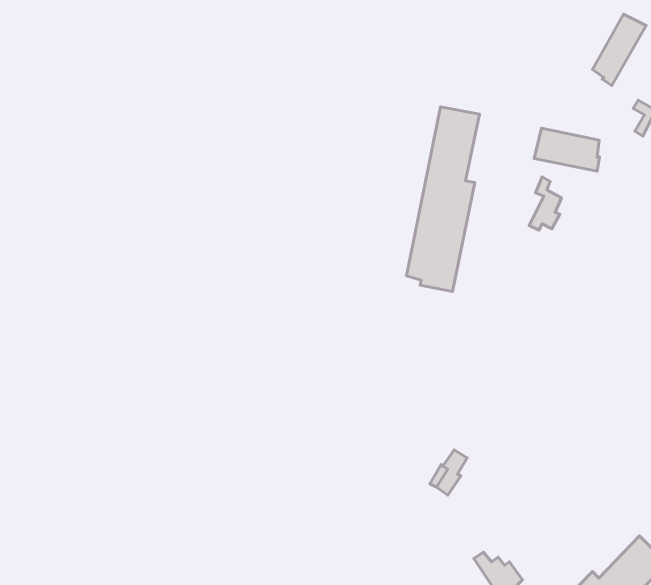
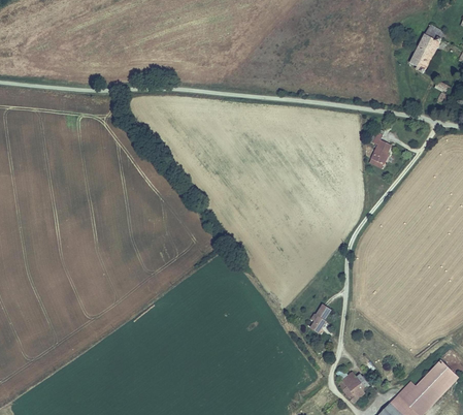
building: [407,107,480,291] -> none
building: [534,128,599,171] -> none

